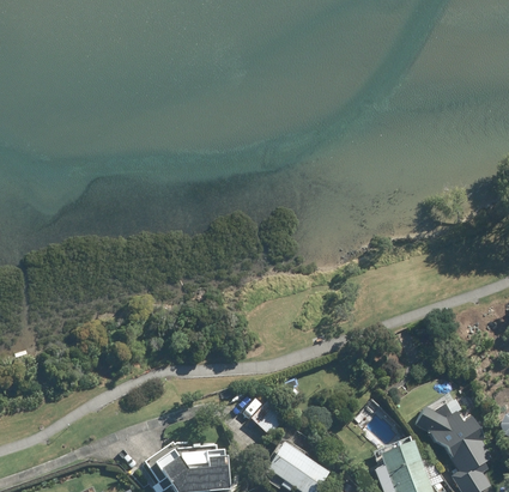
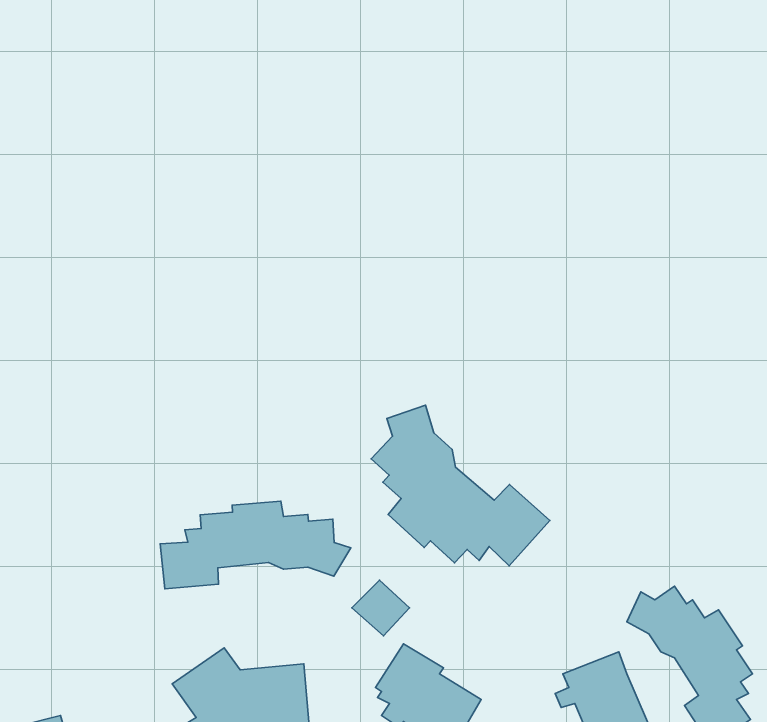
building: none -> [371,405,550,566]
building: none -> [160,501,351,589]

